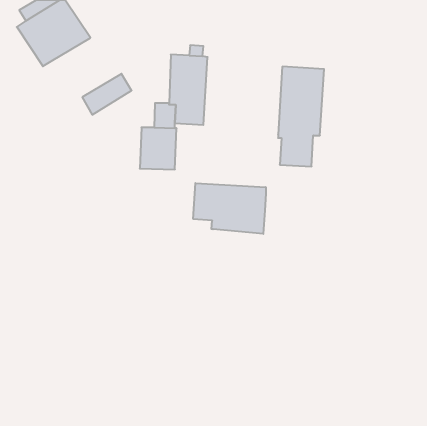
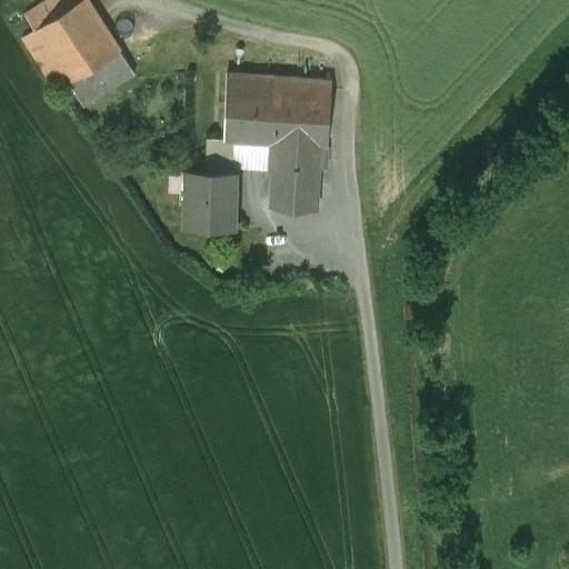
building: [278,67,324,166] -> [271,79,332,211]
building: [82,74,132,115] -> [69,53,134,108]
building: [193,183,266,234] -> none

